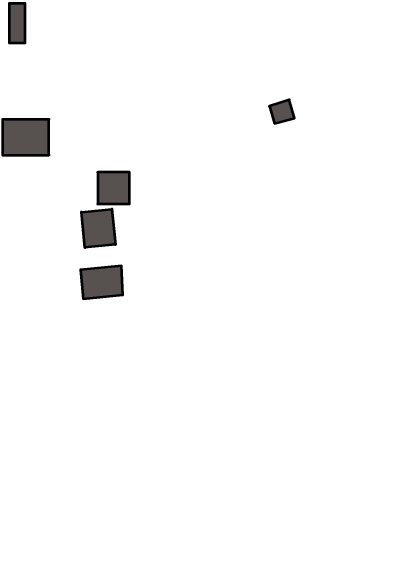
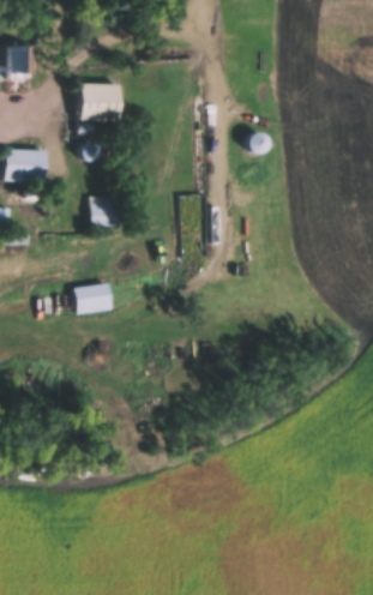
building: none -> [79,84,120,122]
building: [81,209,115,248] -> none

